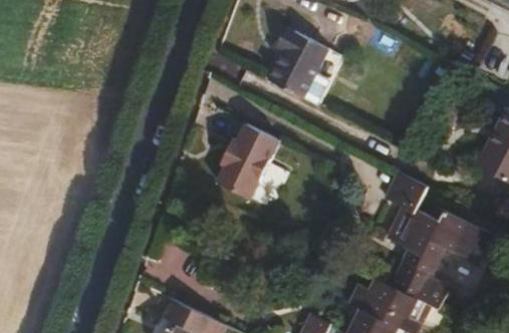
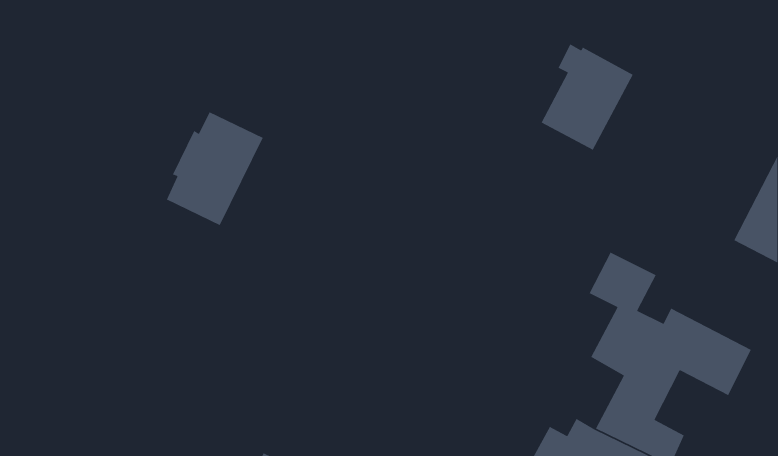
building: [268,28,328,97] -> [540,43,634,151]
building: [210,127,273,202] -> [166,111,264,226]

